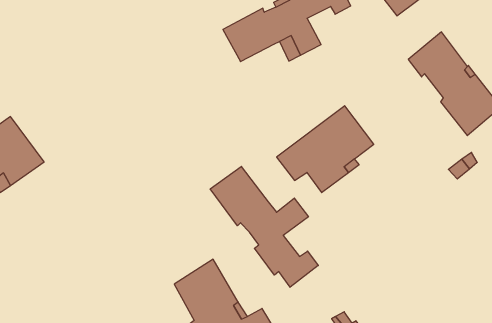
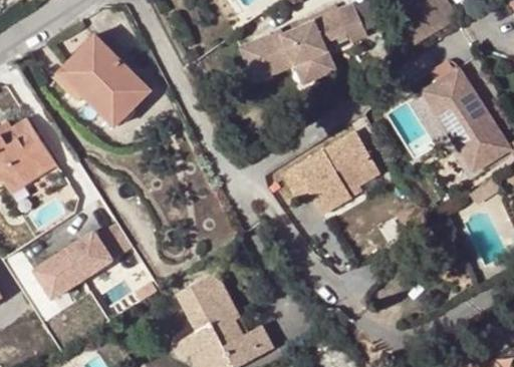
building: none -> [57,34,149,126]
building: [210,166,318,287] -> none
building: none -> [31,223,128,299]

